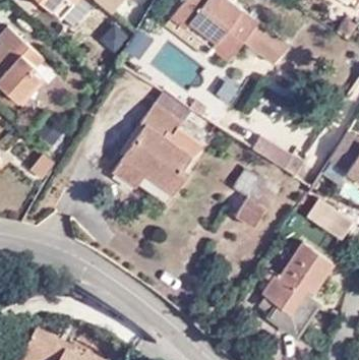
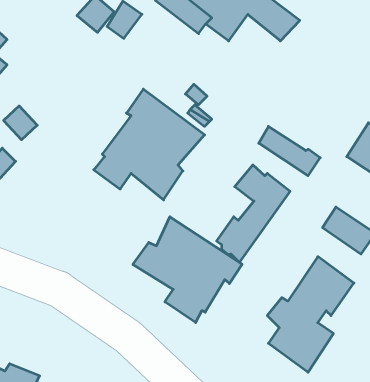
building: none -> [133,217,242,323]

